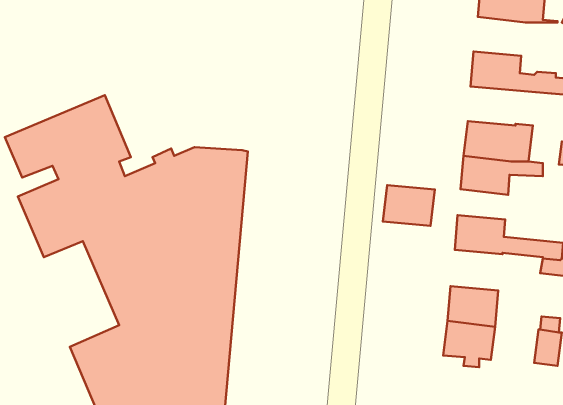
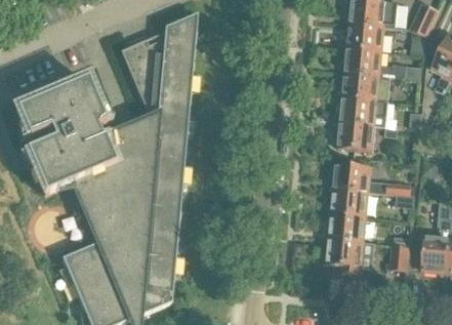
building: none -> [120,18,193,118]
building: none -> [347,24,384,51]
building: none -> [343,73,392,100]
building: [383,185,435,226] -> [331,189,368,217]

